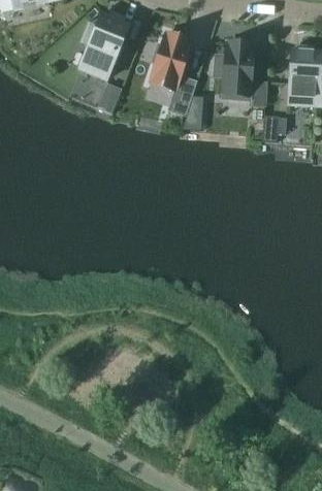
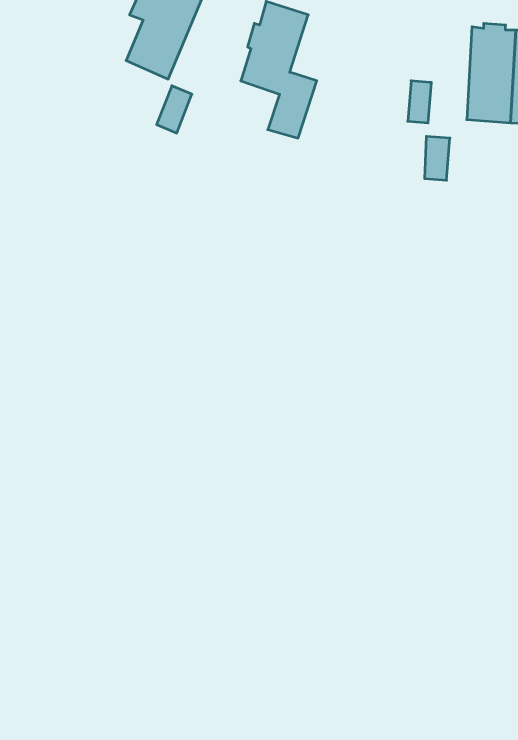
building: [216,40,254,98] -> none
building: [183,94,204,129] -> none

